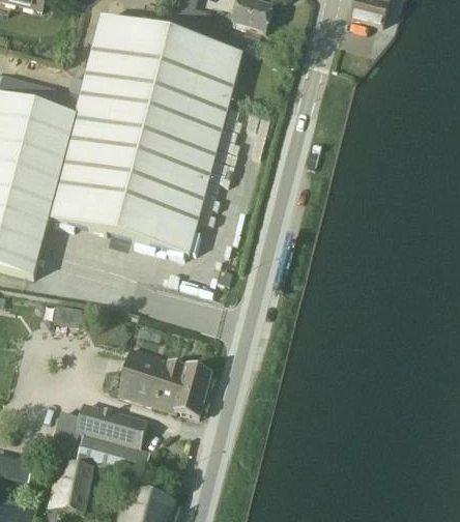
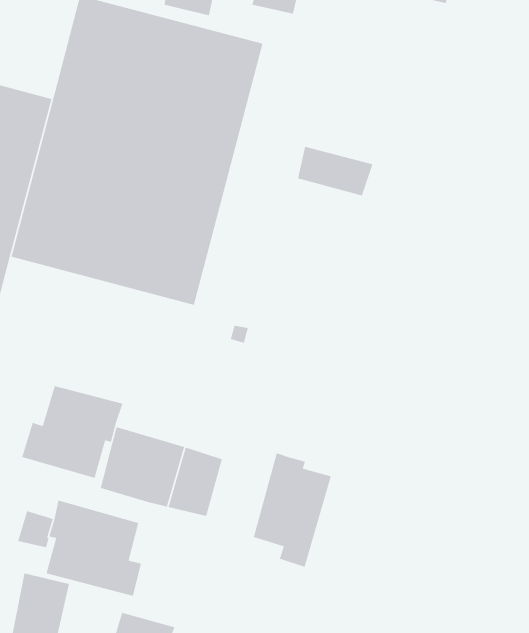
building: none -> [297,146,373,197]
building: none -> [21,385,123,479]
building: none -> [253,452,332,568]

